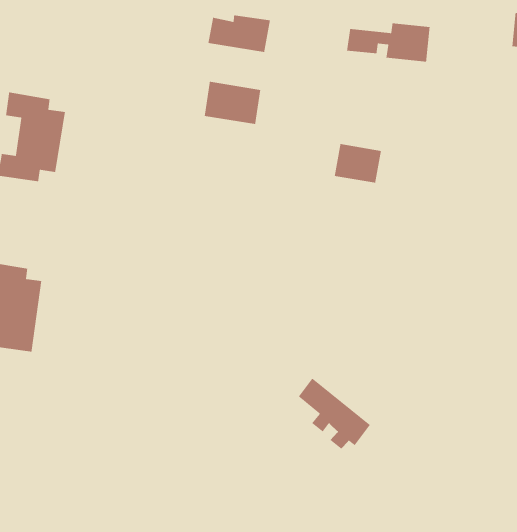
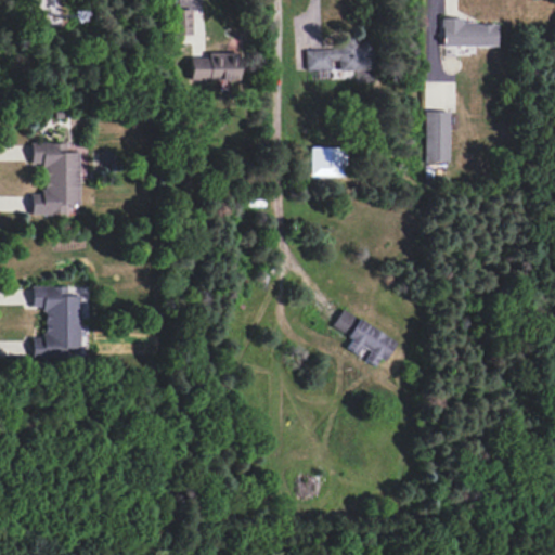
building: [204,81,261,125] -> none
building: none -> [425,112,451,163]
building: [298,377,371,450] -> [333,310,397,366]

